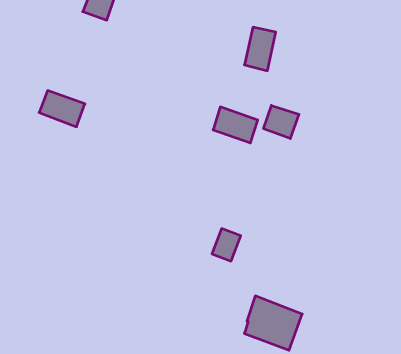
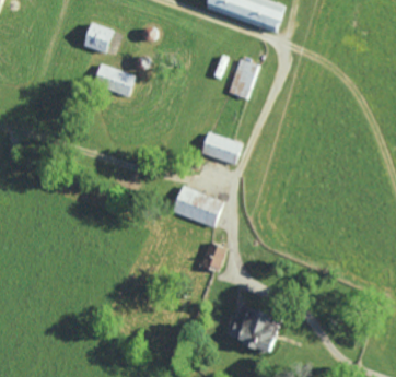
building: [39,91,85,127] -> [92,63,133,96]
building: [264,105,299,139] -> none
building: none -> [172,185,222,227]

